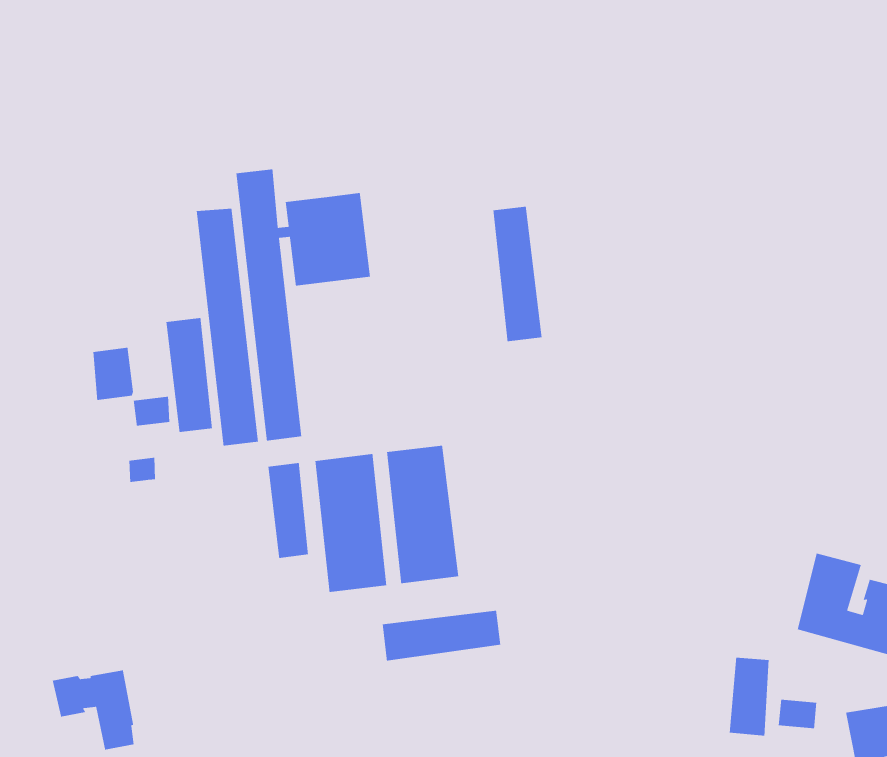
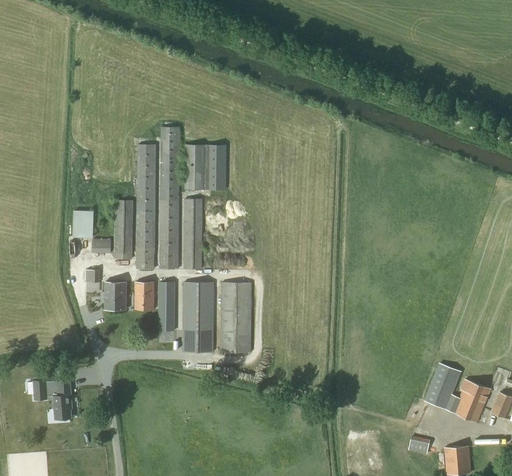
building: [493,206,543,342] -> [183,199,202,269]
building: none -> [134,282,154,310]
building: none -> [104,282,126,310]
building: [382,610,501,661] -> none
building: [729,657,770,736] -> none

